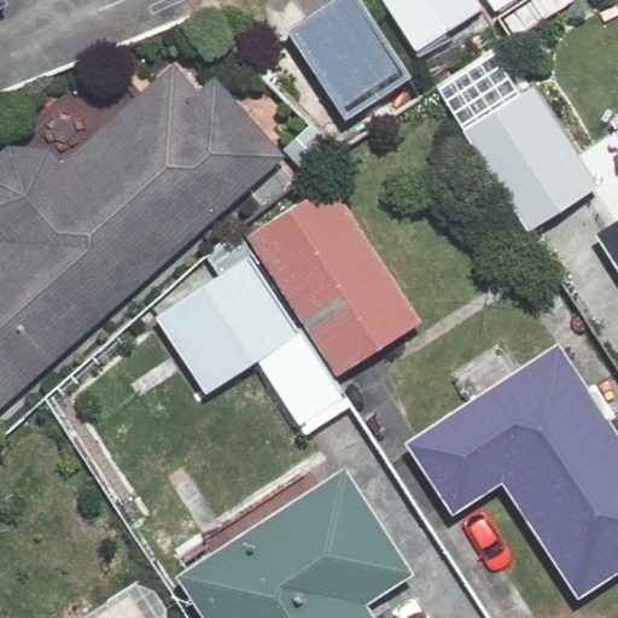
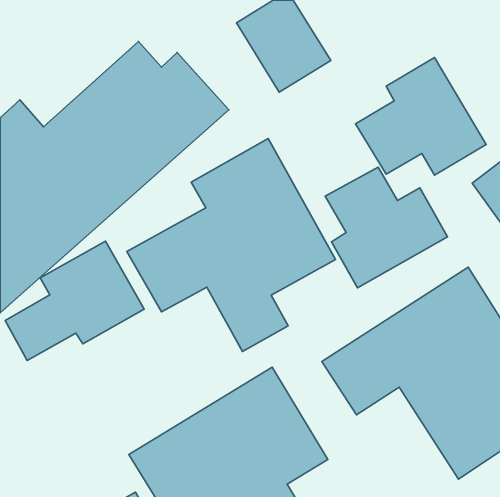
building: none -> [325,167,447,288]
building: none -> [5,241,144,361]

